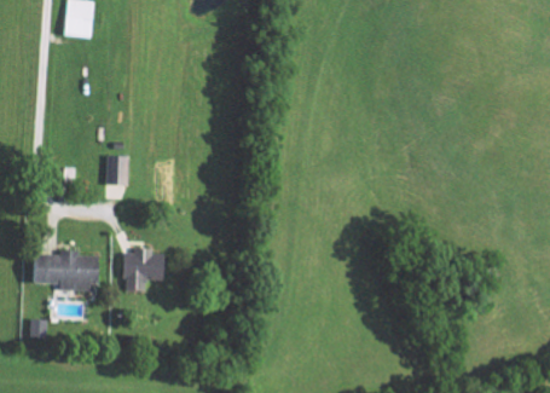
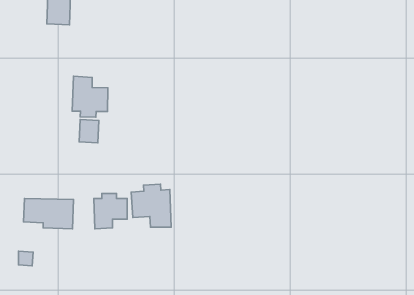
building: none -> [72,76,108,117]
building: none -> [131,184,171,227]

